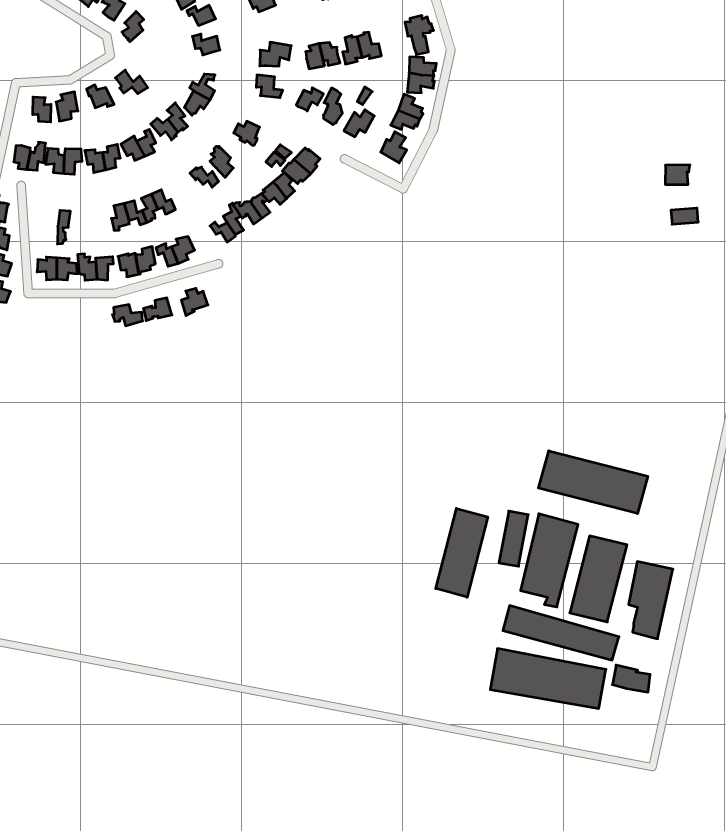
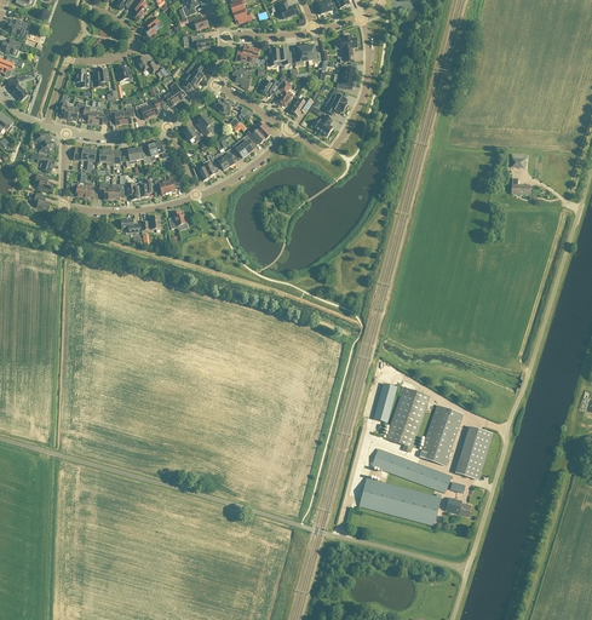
building: [538,451,648,514] -> none
building: [436,508,488,597] -> none

